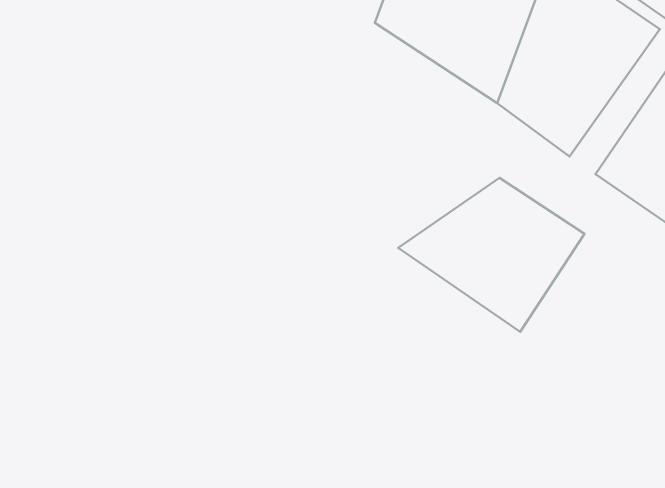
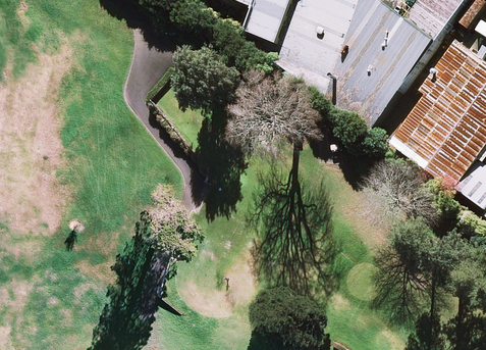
building: [398,178,584,332] -> none

